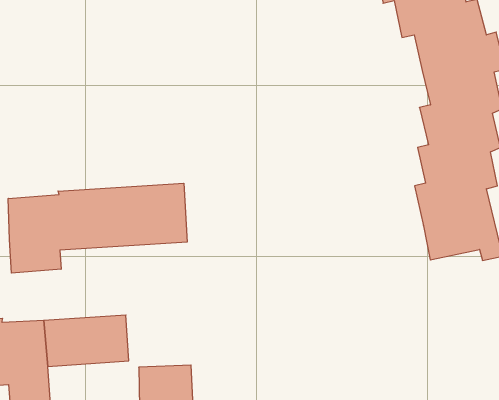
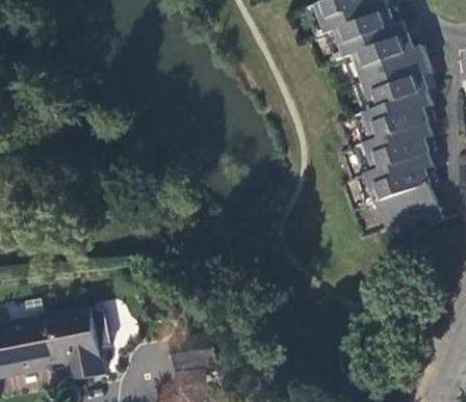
building: [8,183,187,273] -> none

